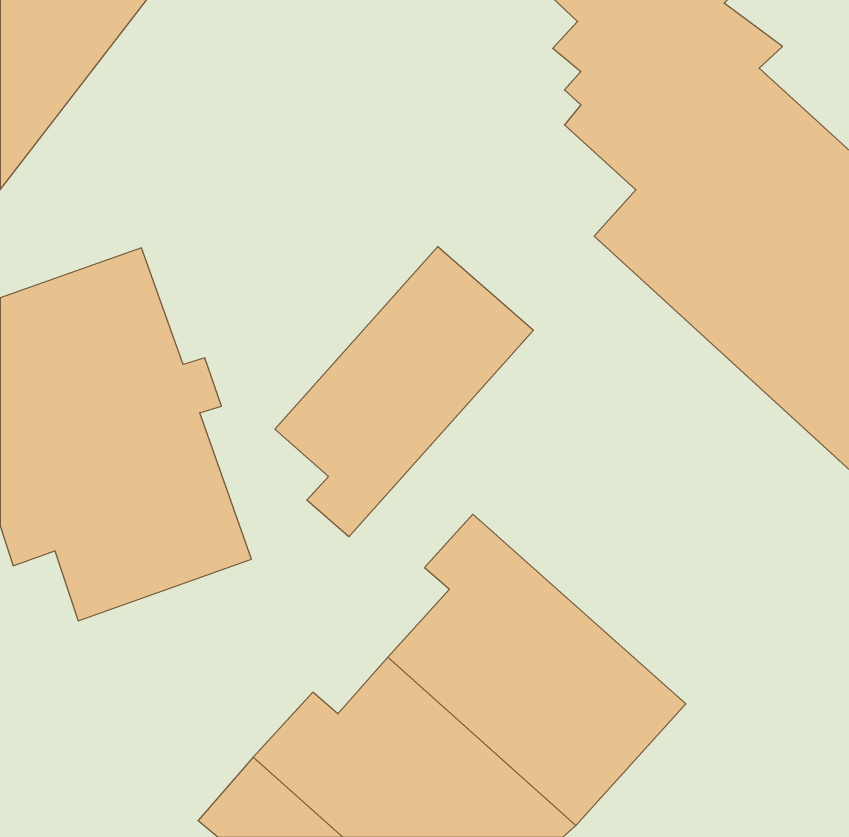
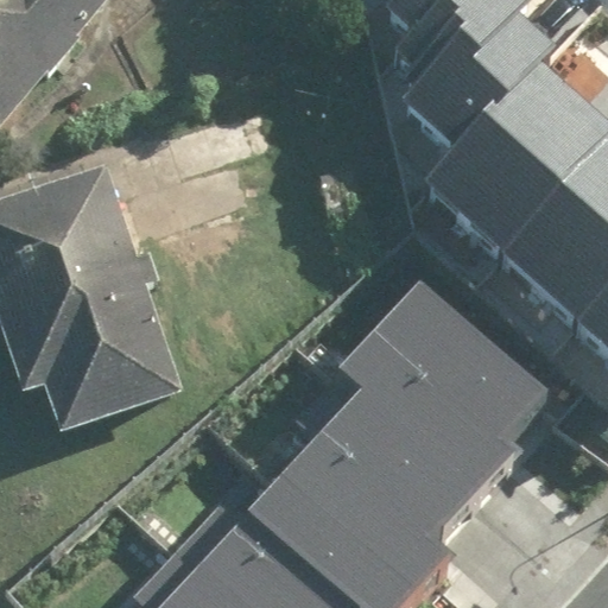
building: [275,246,533,537] -> none
building: none -> [338,280,553,502]

